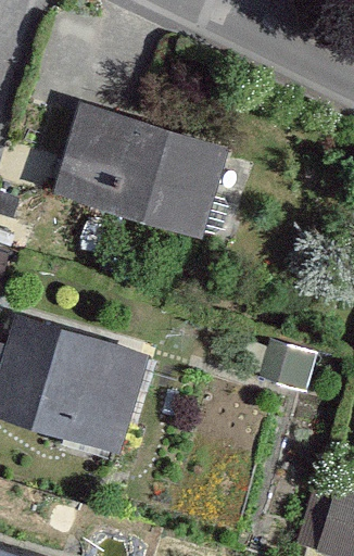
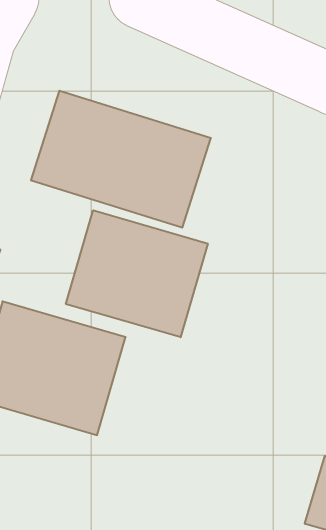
building: none -> [66,210,208,337]

